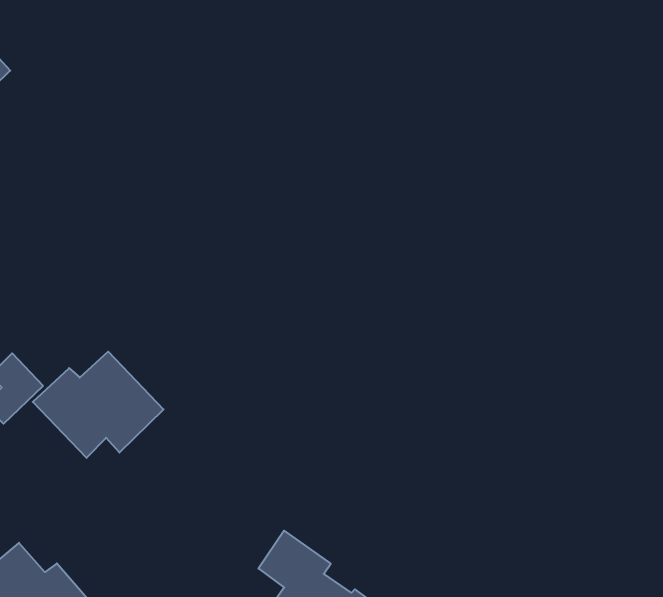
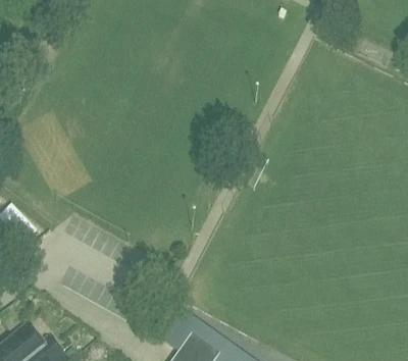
building: [33,352,164,458] -> none

